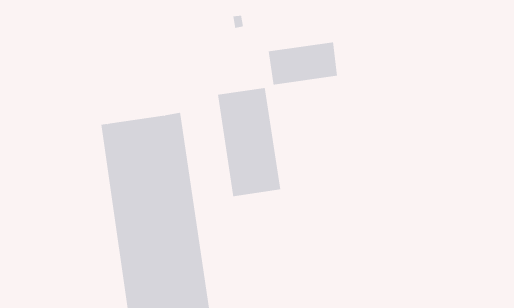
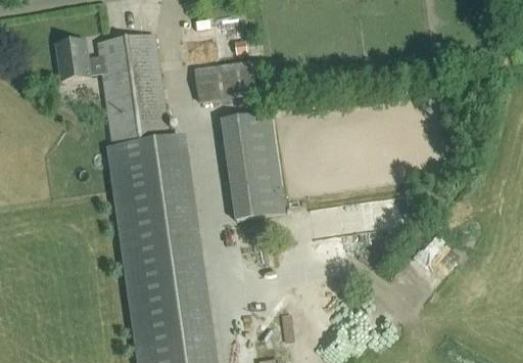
building: none -> [55,32,169,145]
building: [268,42,338,85] -> [194,57,264,100]

